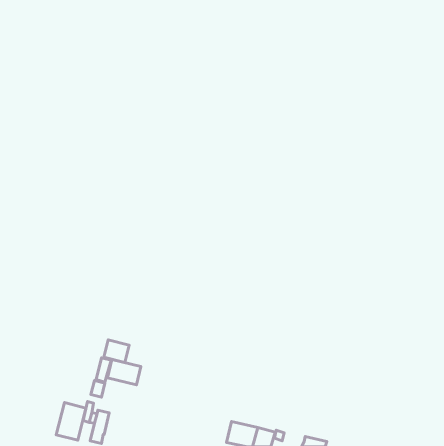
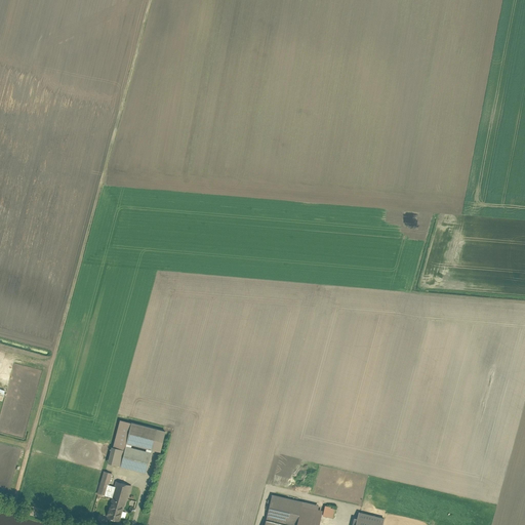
building: [104,340,129,363] -> [120,446,150,473]
building: [56,403,86,440] -> none

